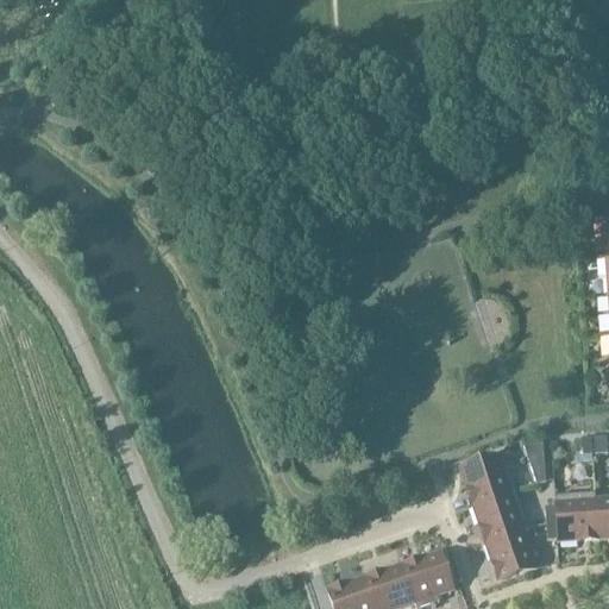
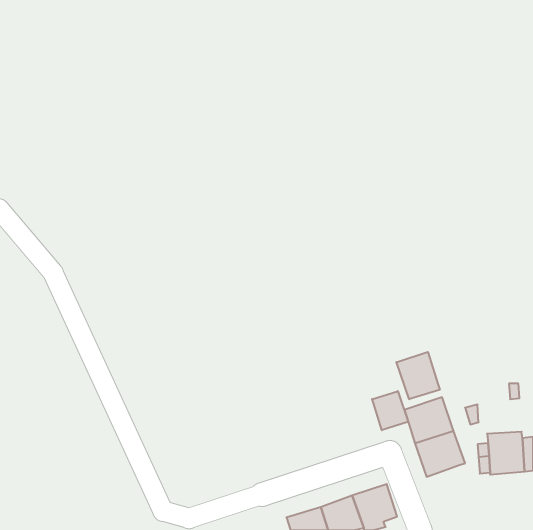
building: none -> [396,352,440,399]
building: none -> [372,391,408,430]
building: [485,529,538,579] -> none

